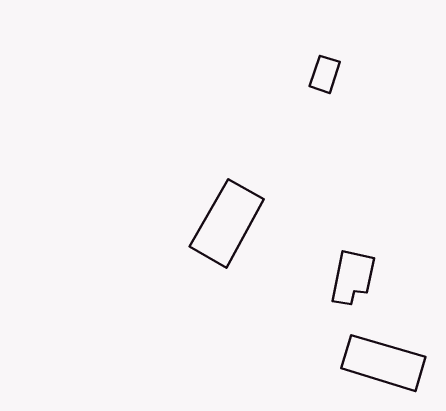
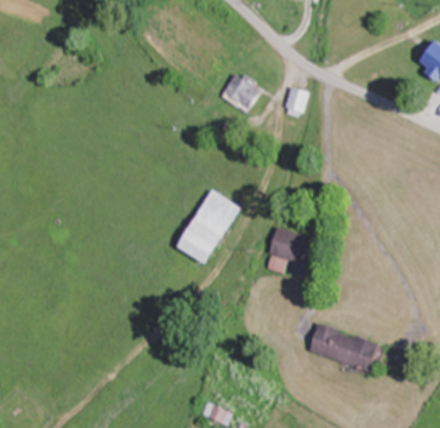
building: none -> [221,73,262,114]
building: [333,251,374,304] -> [267,227,302,272]

